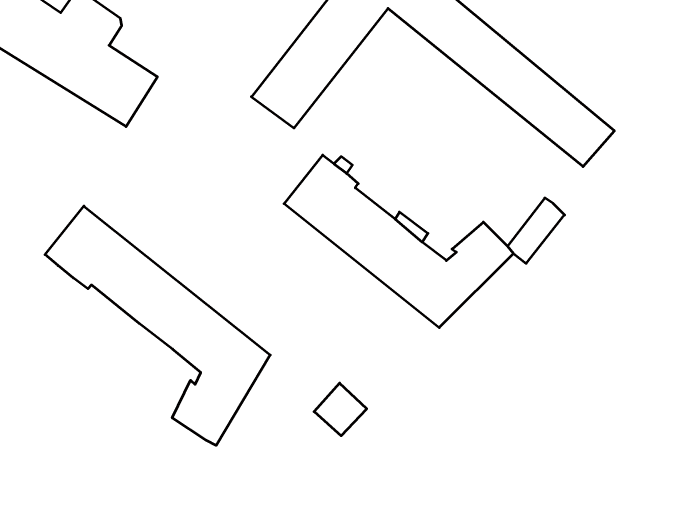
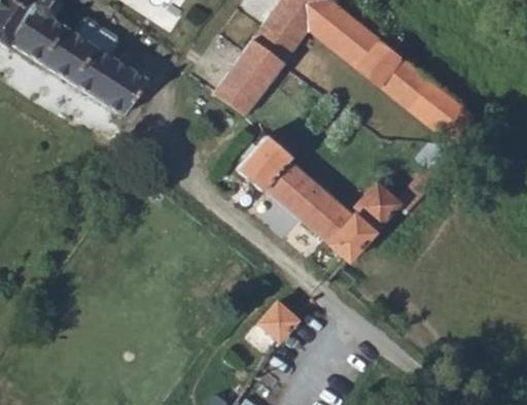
building: [45,206,270,445] -> none

